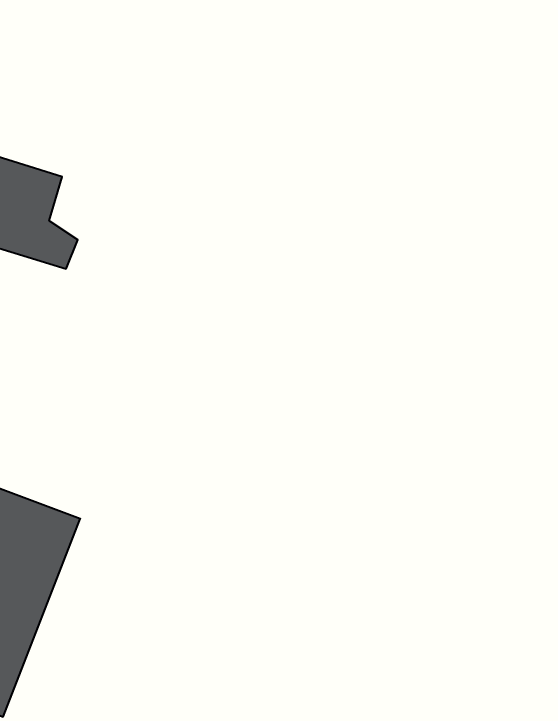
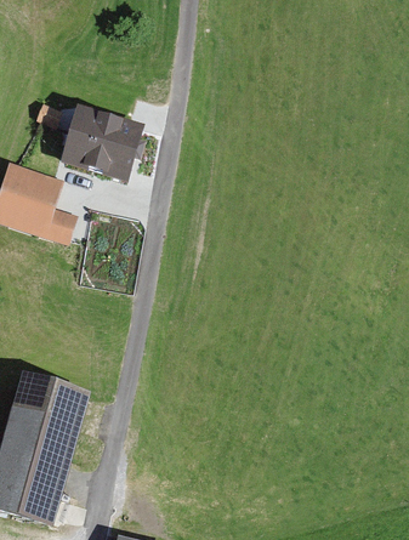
building: none -> [64,115,144,178]

